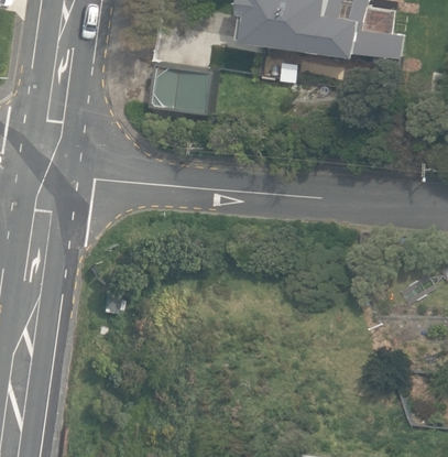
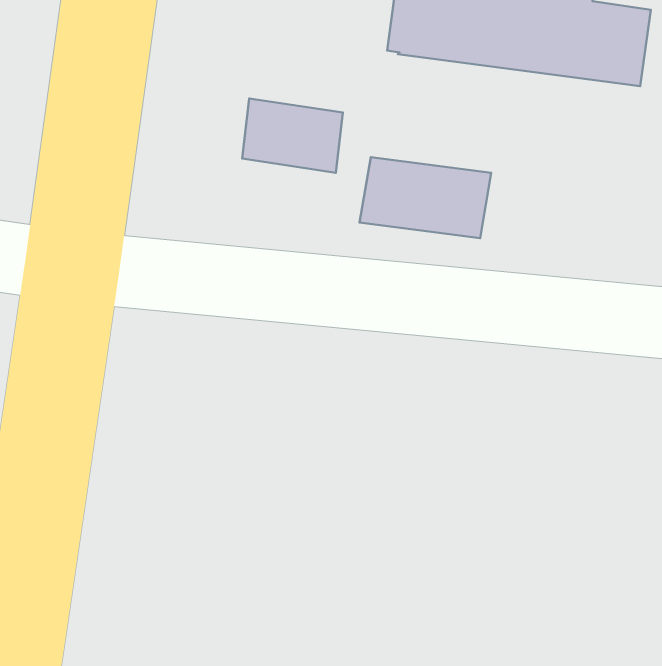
building: none -> [360,157,491,238]

